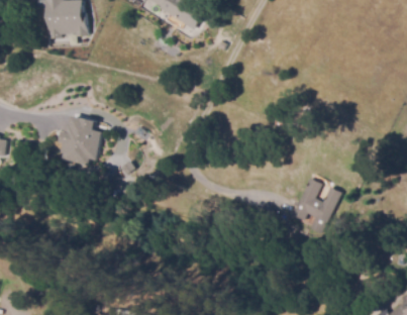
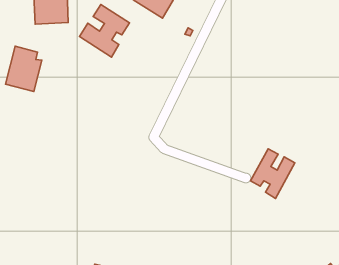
building: none -> [80,4,130,57]
building: [60,116,101,168] -> [5,46,42,91]

